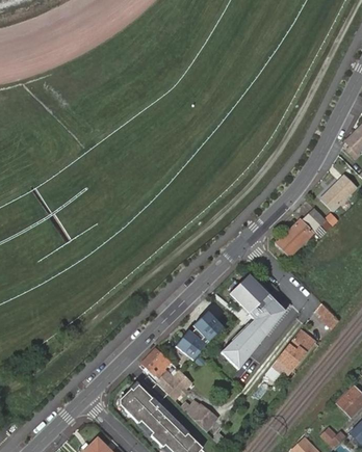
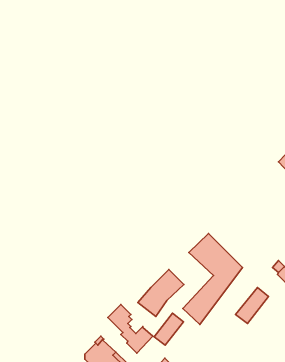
building: [277,214,319,256] -> none
building: none -> [154,313,183,345]

